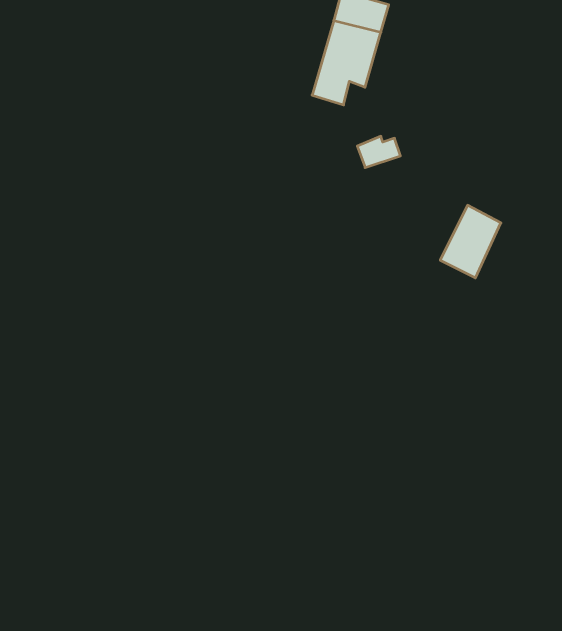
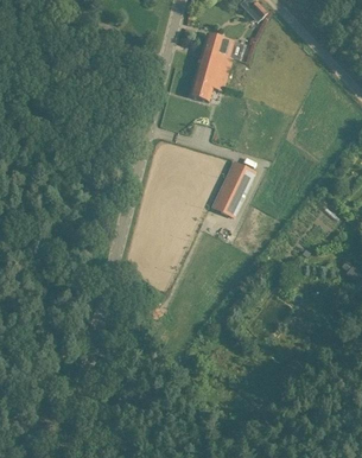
building: [440,205,501,278] -> [212,171,249,215]

